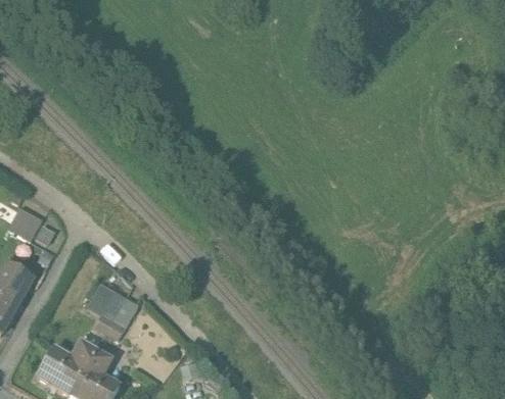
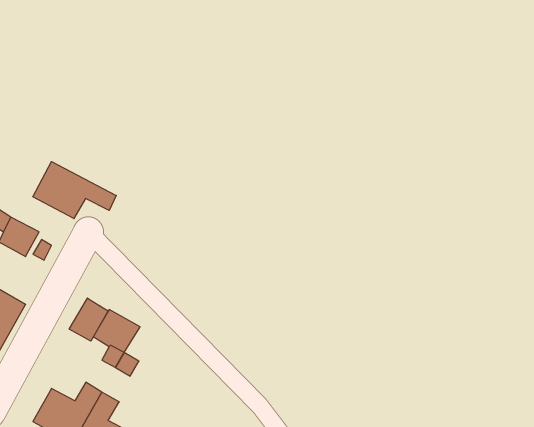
building: none -> [33,162,116,219]
building: none -> [69,298,108,341]

